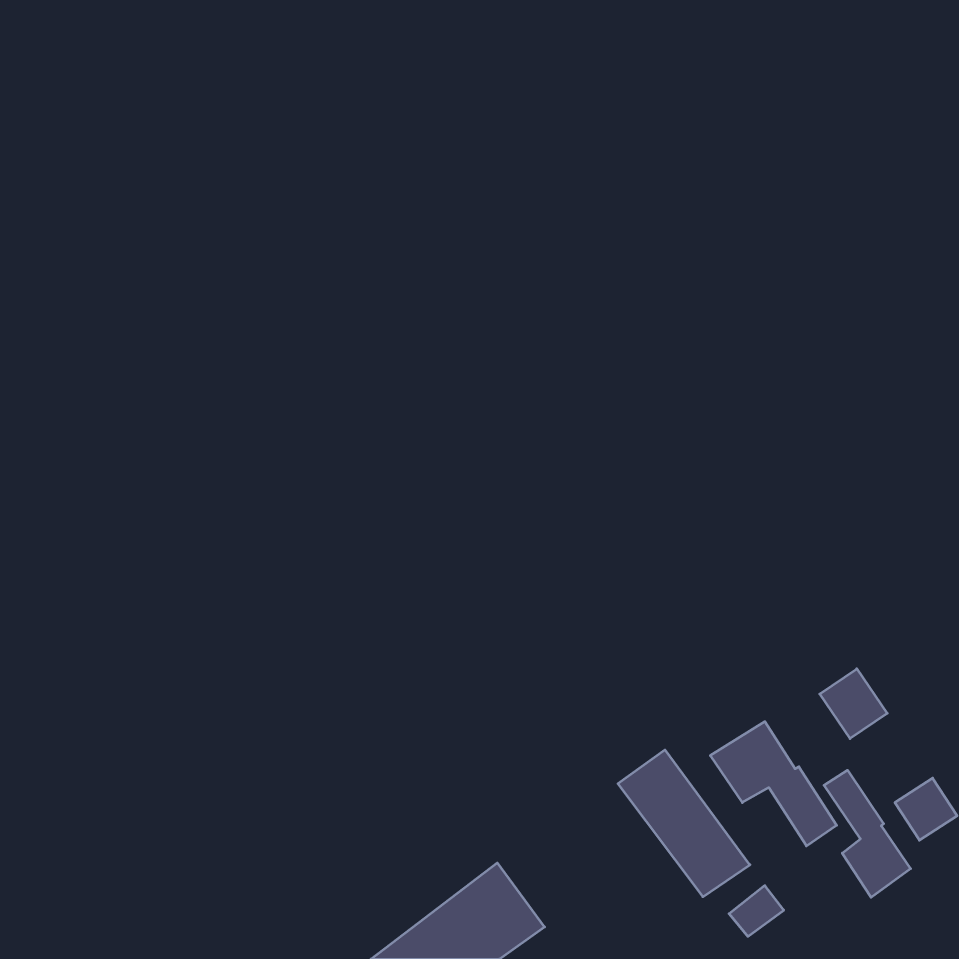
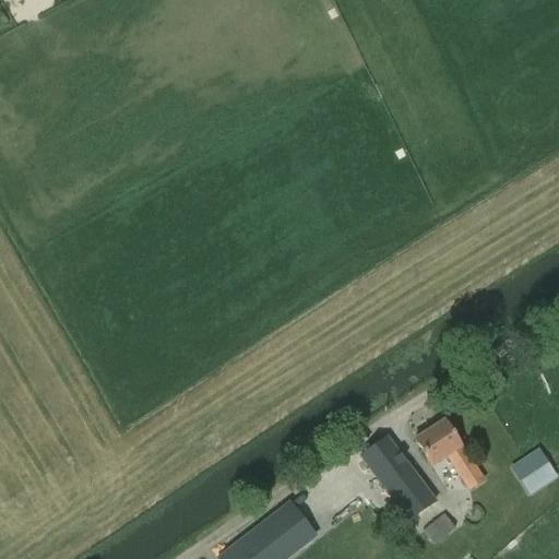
building: [820,669,887,739] -> none
building: [824,770,911,897] -> none

